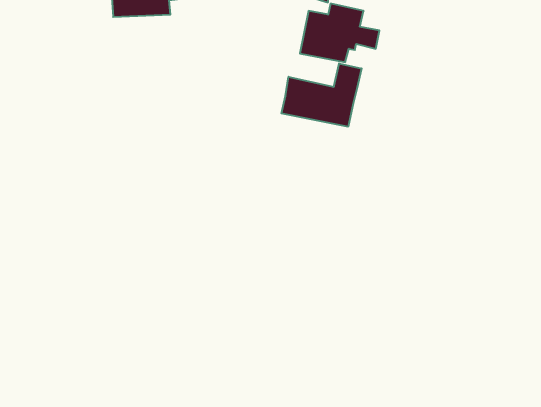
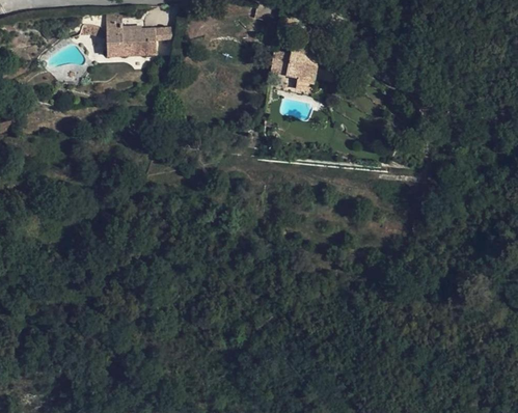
building: [281,63,362,127] -> none

